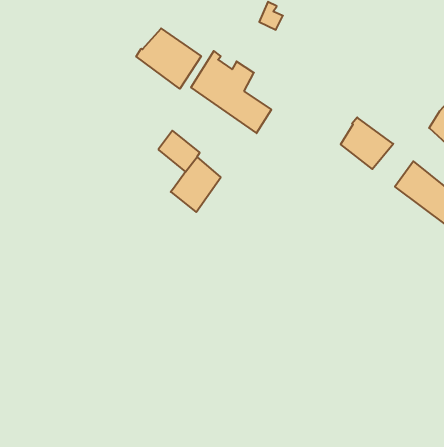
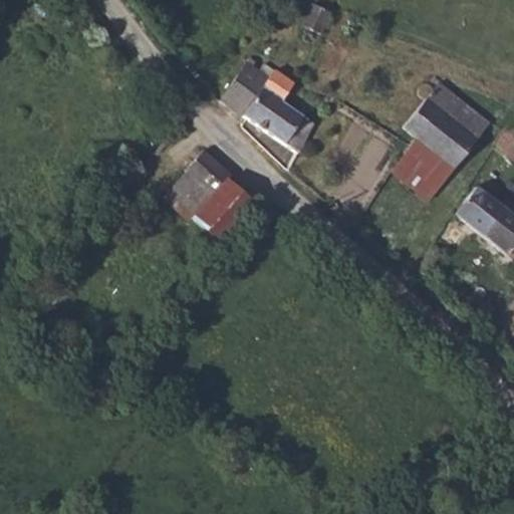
building: [136,28,201,89] -> none
building: none -> [404,79,493,166]
building: none -> [172,173,217,217]

